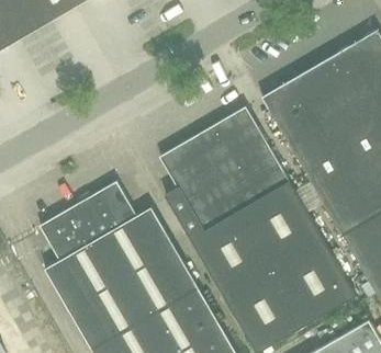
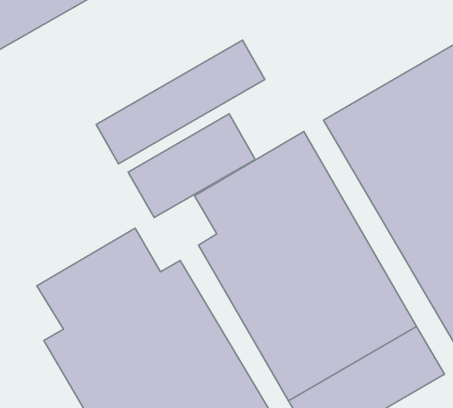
building: none -> [96,40,265,164]
building: none -> [128,114,255,218]

